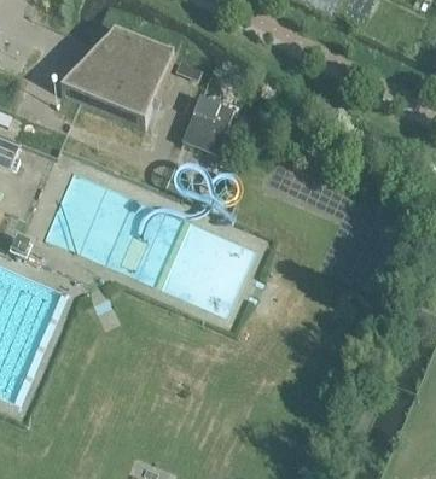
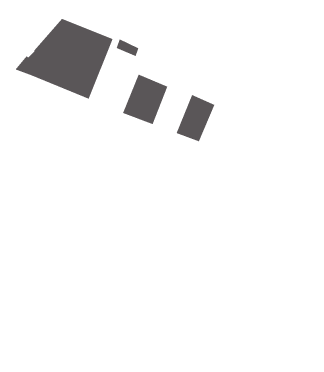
building: none -> [176,94,215,142]

